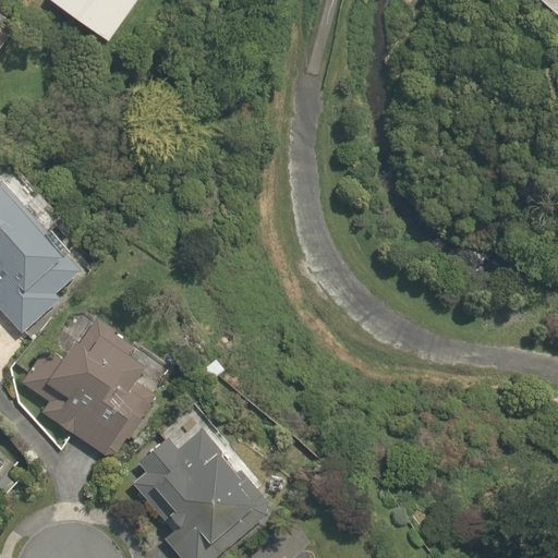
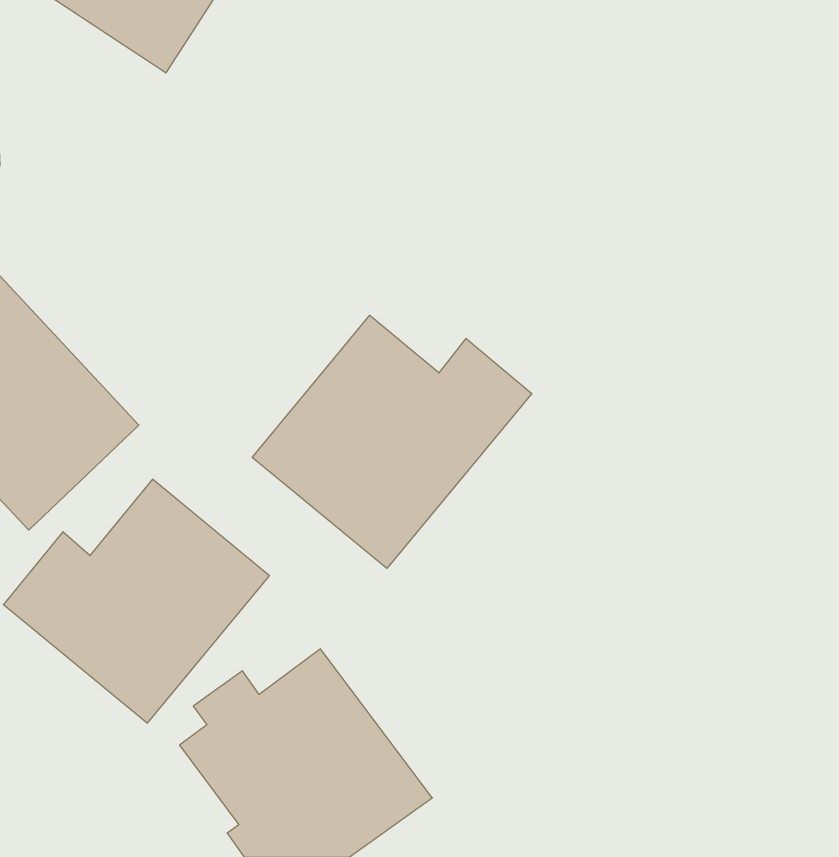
building: none -> [252,315,532,568]

